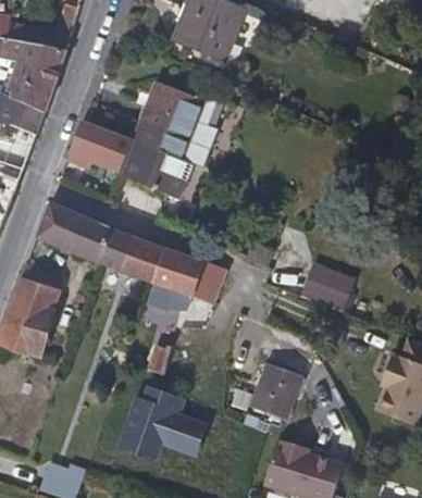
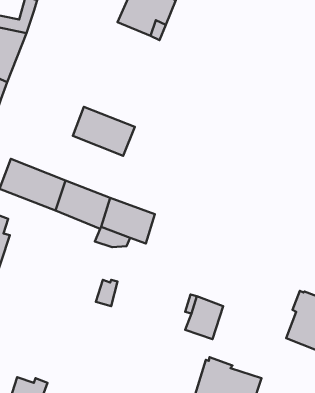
building: [134,80,221,166] -> none
building: [65,117,125,172] -> none
building: [299,267,352,315] -> none
building: [129,388,215,460] -> none

